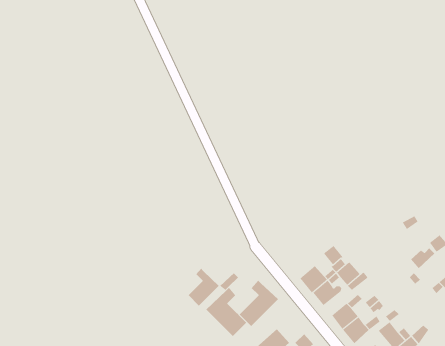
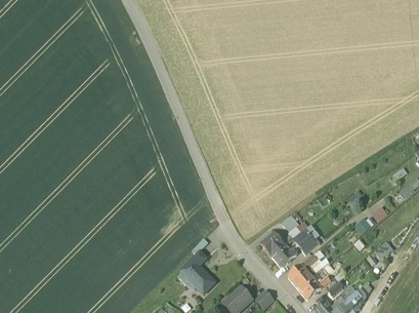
building: [188,268,220,306] -> none
building: [239,280,279,327] -> none

